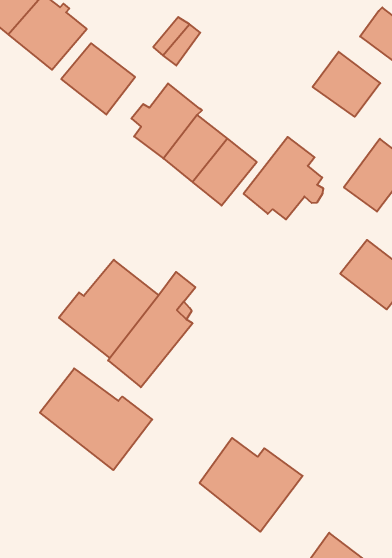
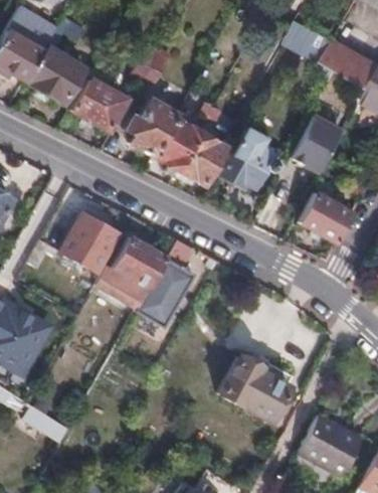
building: [313,52,380,117] -> none
building: none -> [62,212,121,274]
building: [40,368,152,470] -> none

